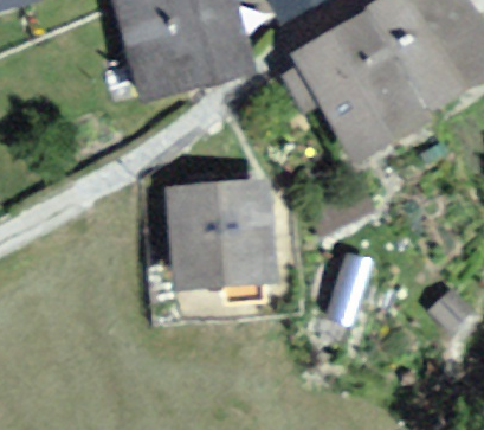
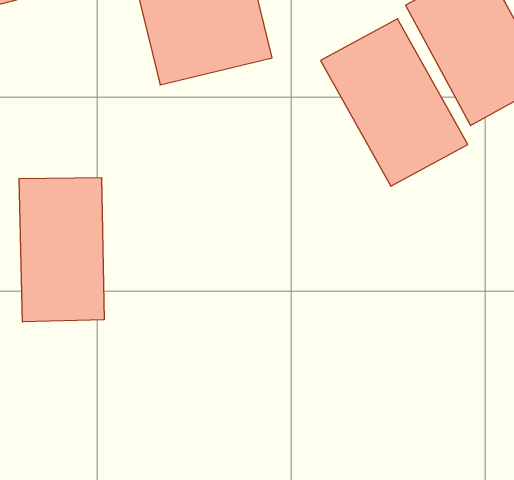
building: none -> [19,178,104,322]
building: [167,180,271,294] -> none

